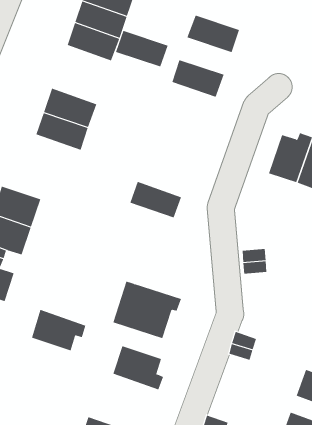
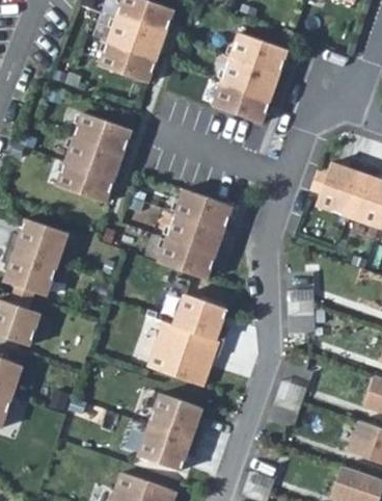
building: [115,30,168,67] -> [220,56,278,97]
building: none -> [55,162,113,203]
building: none -> [174,188,233,231]
building: none -> [157,237,215,279]
building: none -> [171,294,227,342]
building: [31,309,86,351] -> [138,424,198,470]

